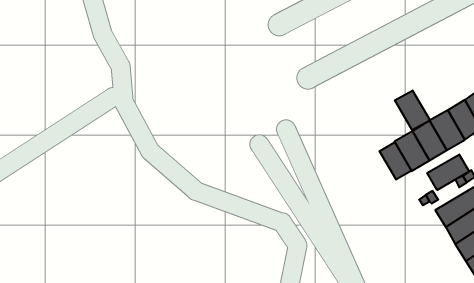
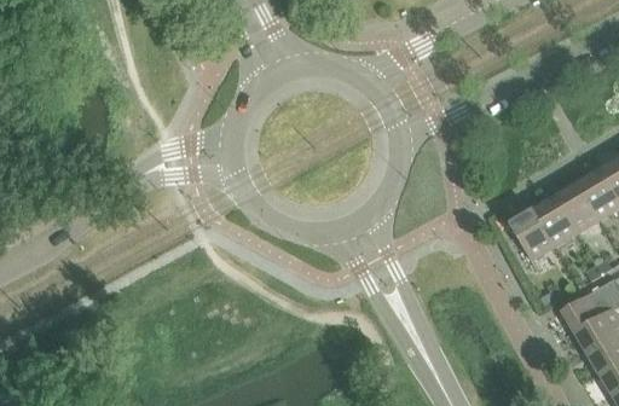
building: [395,90,430,130] -> none
building: [379,142,411,180] -> none
building: [427,154,469,190] -> none

